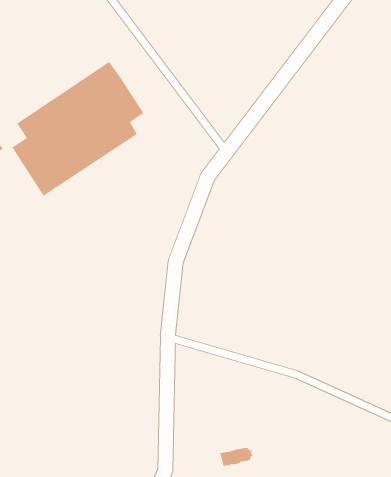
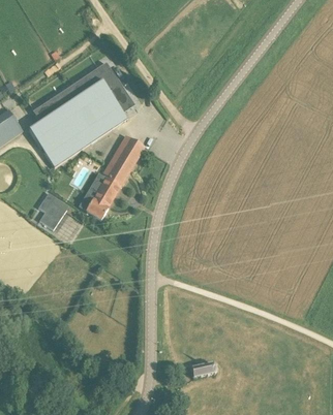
building: none -> [79,134,144,219]
building: none -> [37,199,64,228]

